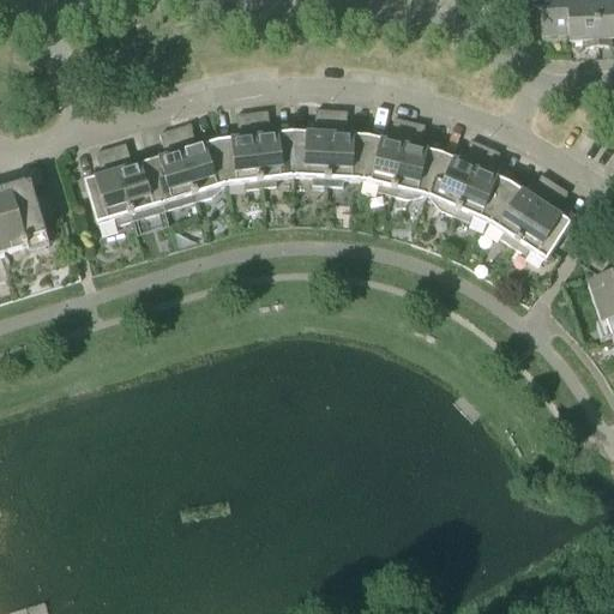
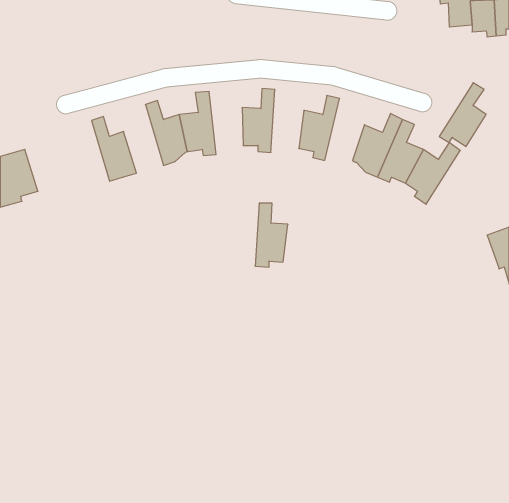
building: [252,108,293,186] -> none
building: [326,108,366,185] -> [255,203,288,267]
building: [391,119,439,197] -> none
building: [149,126,197,209] -> none
building: [84,145,132,223] -> none
building: [513,181,570,258] -> [439,83,486,146]

